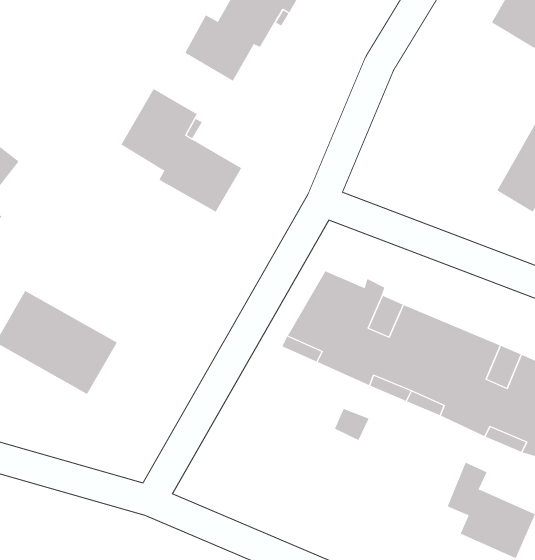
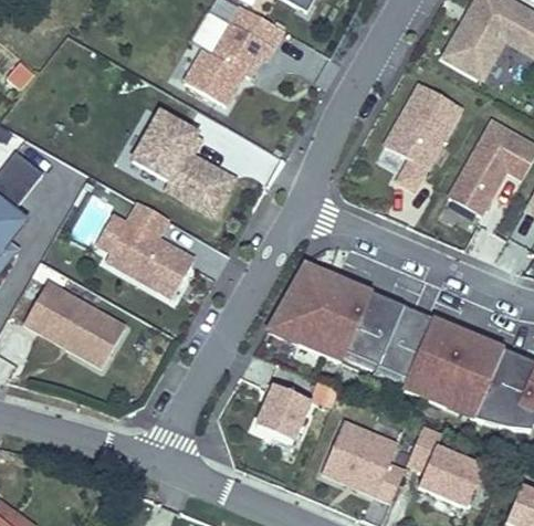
building: none -> [384,84,463,193]
building: none -> [97,200,198,299]
building: none -> [255,382,313,440]
building: none -> [320,421,402,501]

